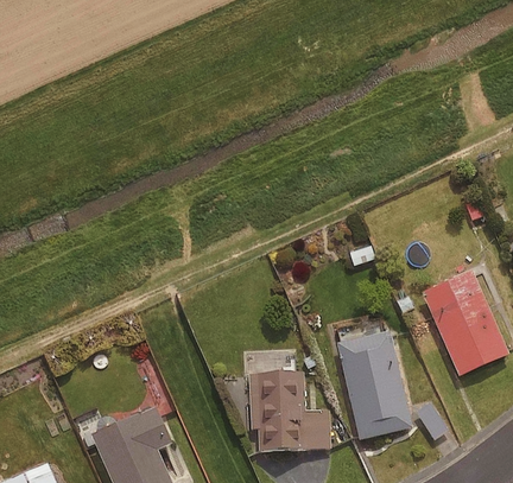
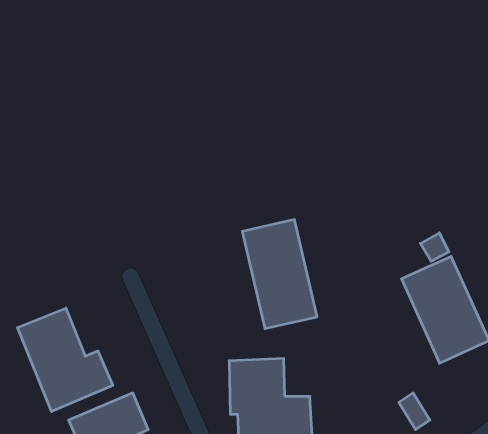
building: none -> [17,308,113,412]
building: [337,330,412,439] -> [242,220,317,329]

